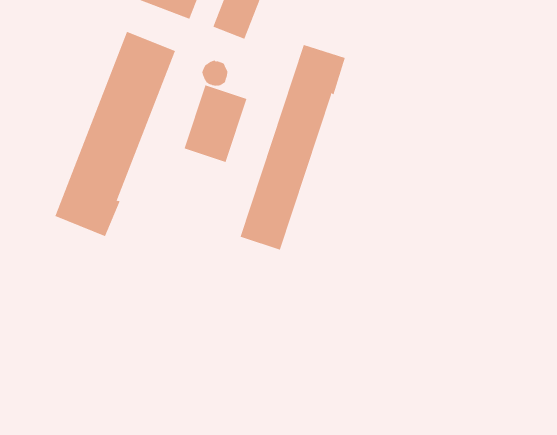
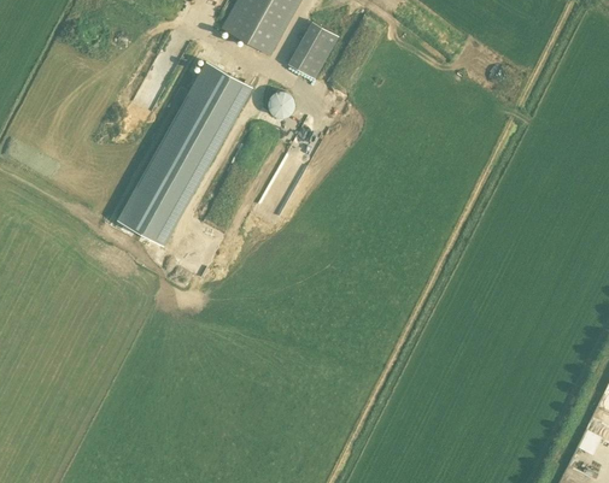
building: [240,44,346,250] -> none
building: [184,84,247,163] -> none

